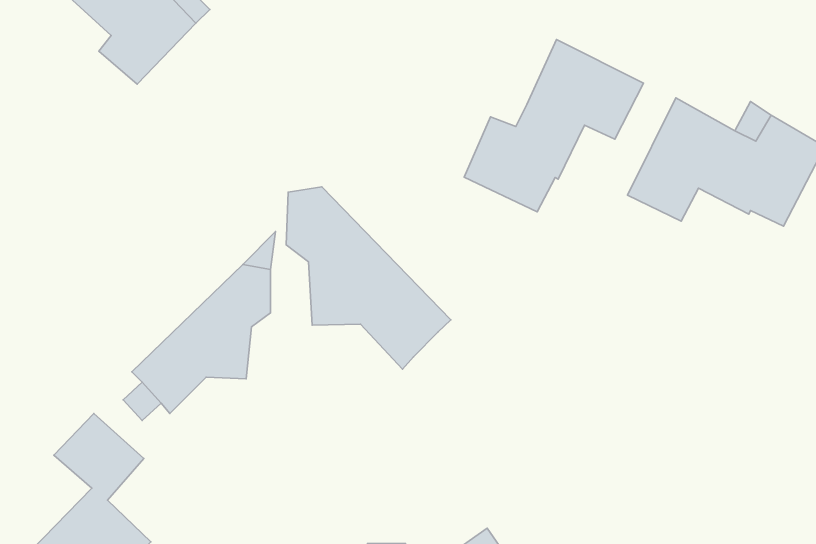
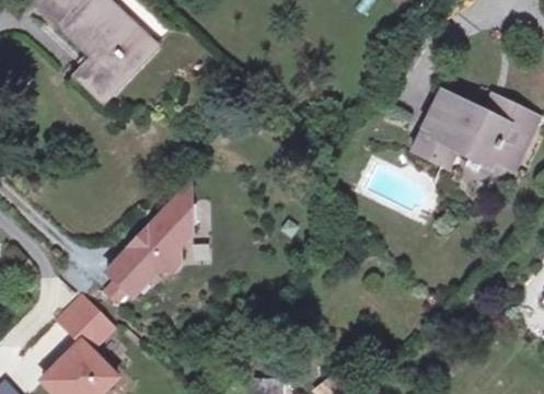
building: [464,39,644,212] -> none
building: [286,187,451,369] -> none

